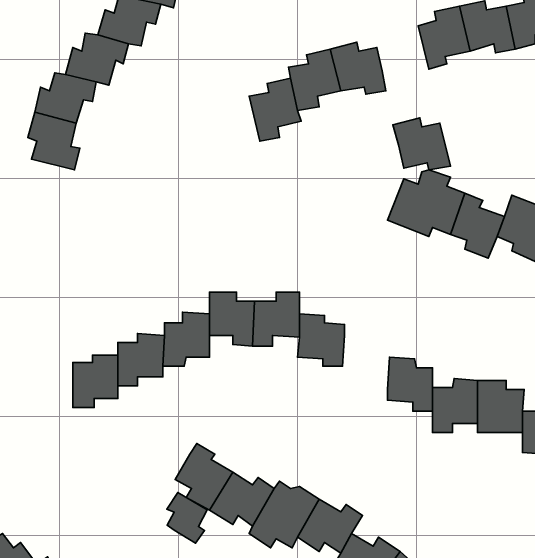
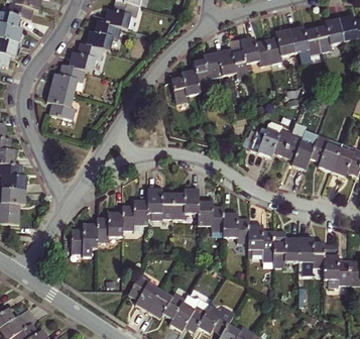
building: [393,118,451,170] -> [238,36,270,66]
building: none -> [222,213,248,243]
building: [167,493,207,543] -> none

